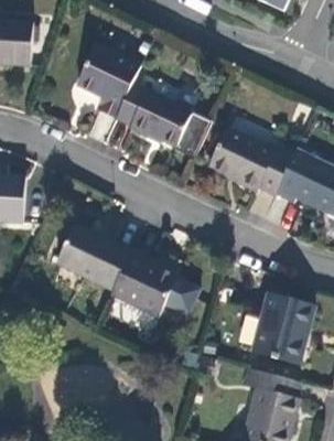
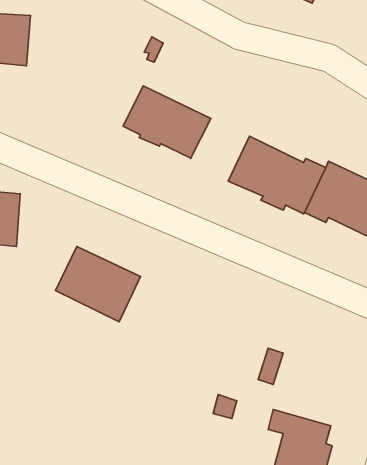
building: [77,44,141,118] -> none
building: [173,111,213,159] -> none
building: [111,250,200,315] -> none
building: [254,294,314,365] -> none

